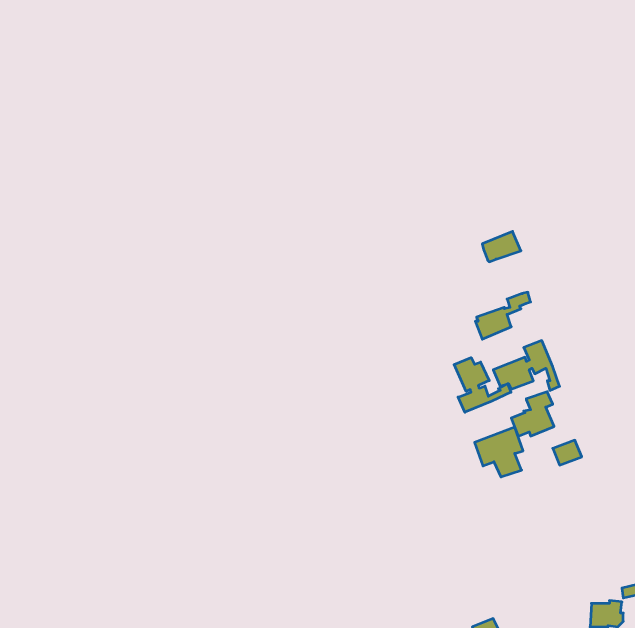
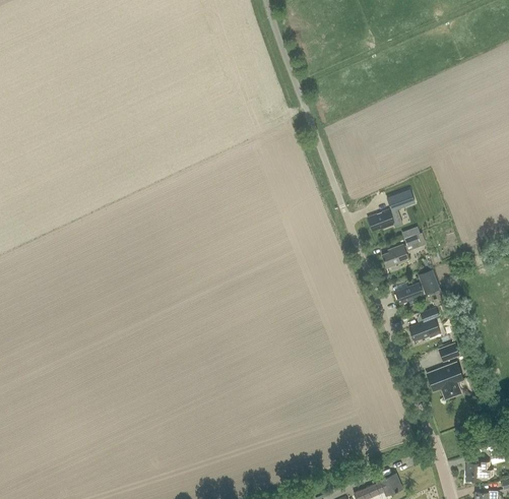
building: none -> [367,209,402,231]
building: [454,358,511,412] -> none
building: [475,427,523,477] -> [426,362,461,398]

